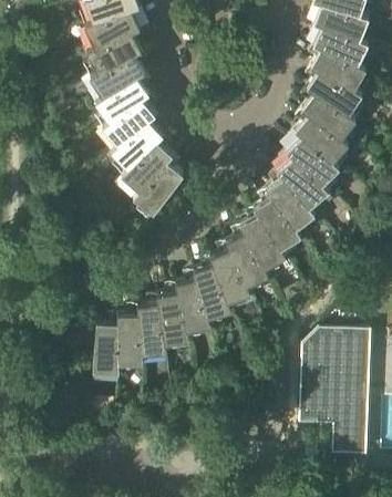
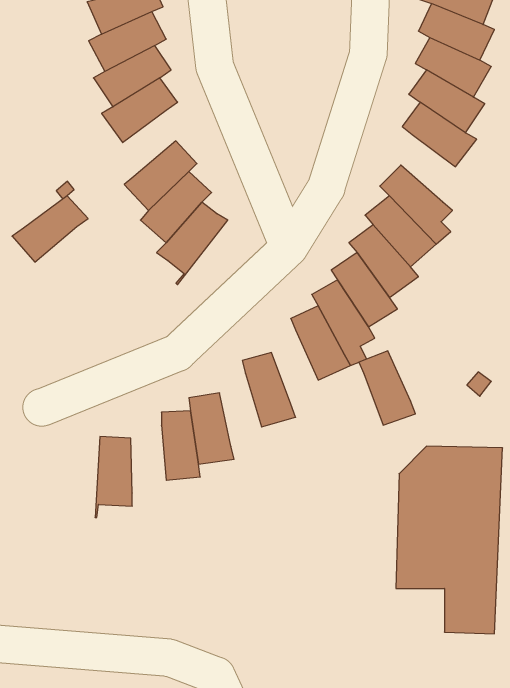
building: [104,99,156,144] -> [12,196,88,262]
building: [296,115,347,162] -> none
building: [210,249,249,300] -> [359,351,415,425]
building: [176,279,209,329] -> none
building: [117,314,142,361] -> none

